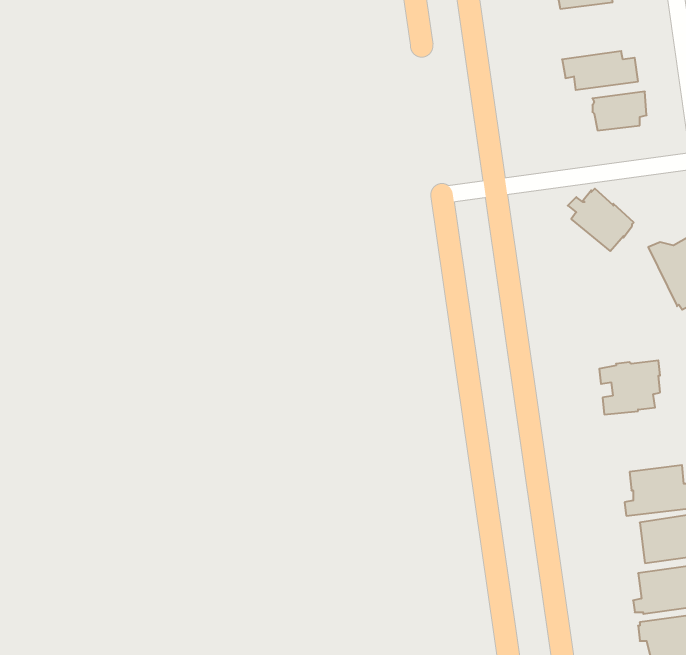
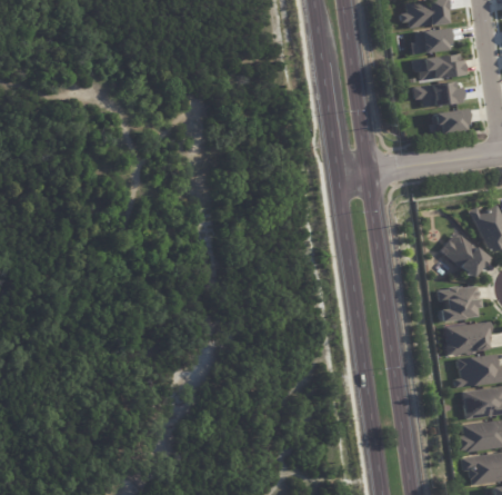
building: none -> [414,52,464,79]
building: [568,189,634,251] -> [446,235,490,276]
building: none -> [445,320,491,354]

